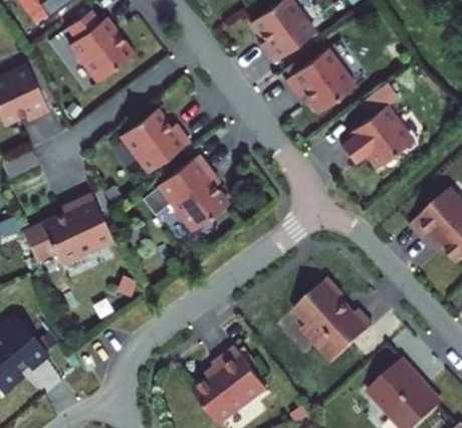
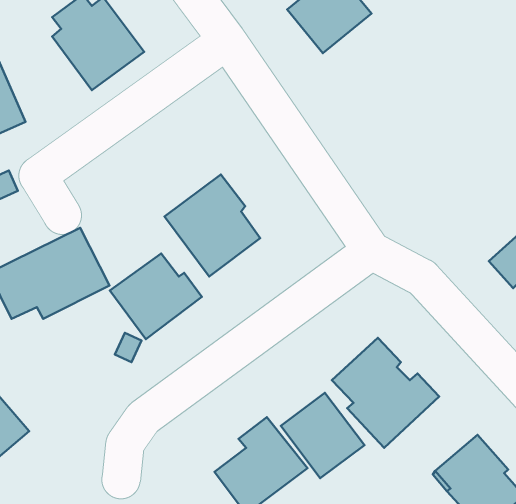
building: [284,47,356,113] -> none
building: [332,78,420,179] -> none
building: [118,108,190,175] -> [110,254,202,339]
building: none -> [281,393,364,478]

